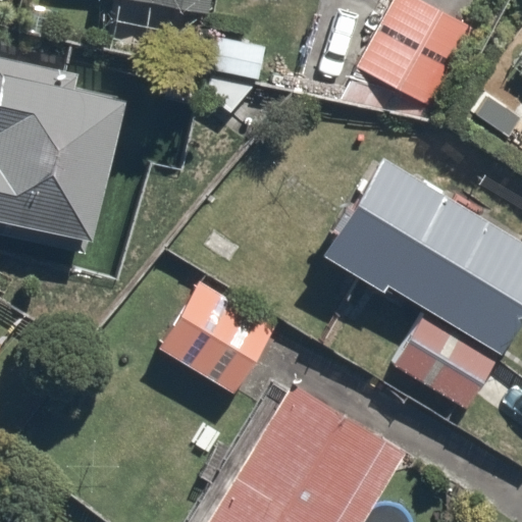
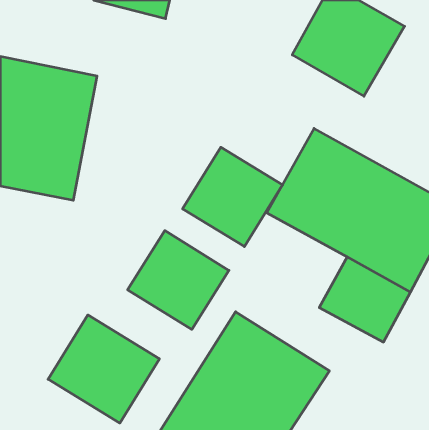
building: none -> [183,147,283,247]
building: none -> [48,315,159,423]

